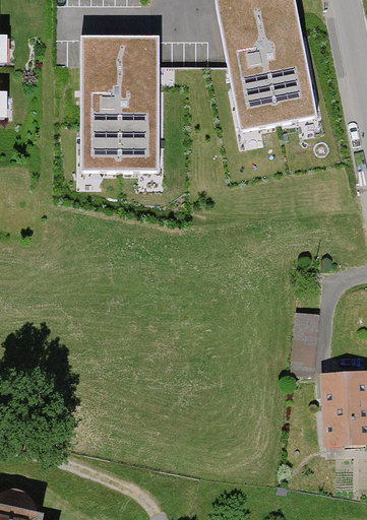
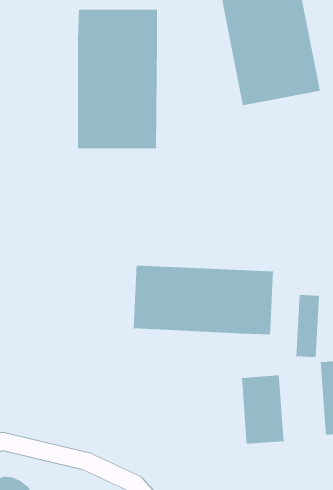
building: none -> [133,265,274,335]
building: none -> [241,375,284,445]

